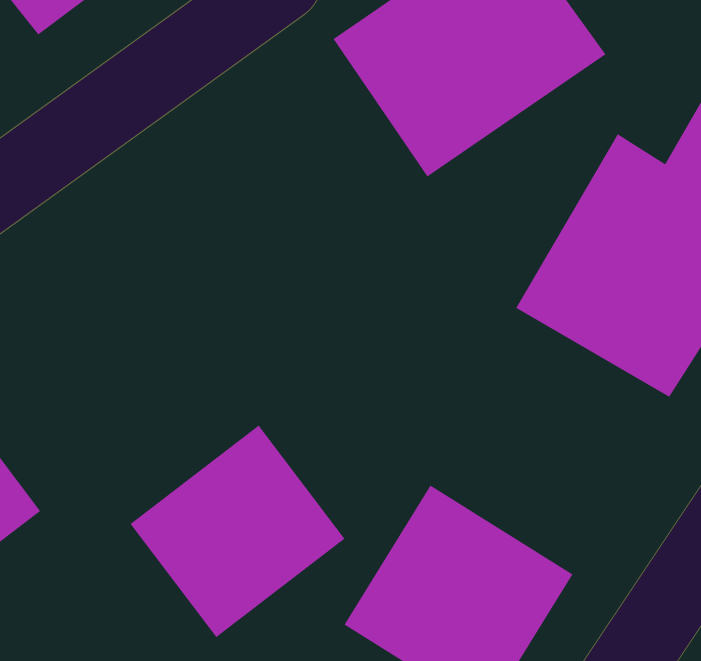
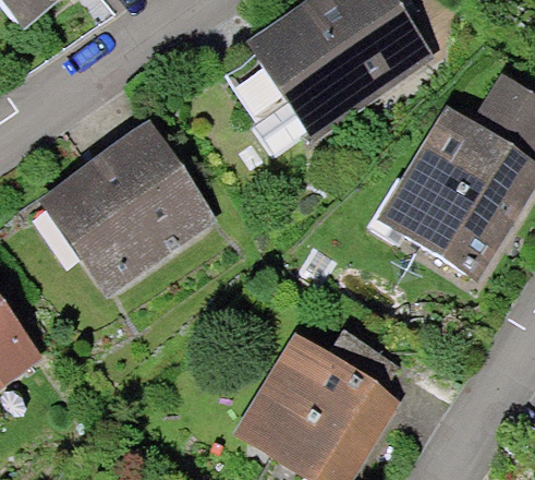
building: none -> [47,133,208,290]
building: [130,424,346,638] -> none

